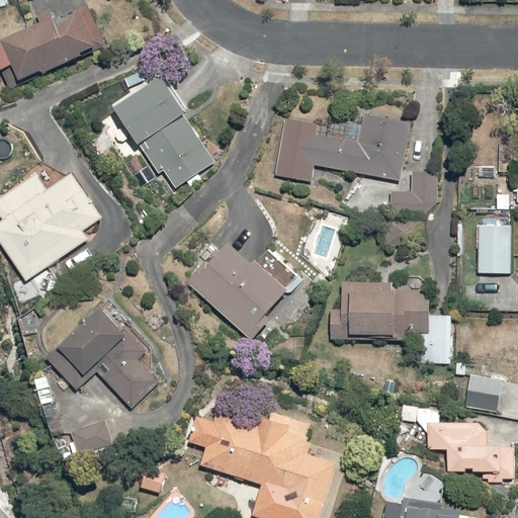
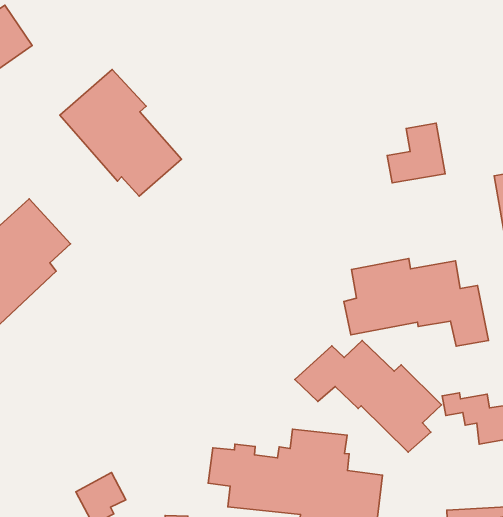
building: [275,115,408,179] -> none
building: [184,238,298,341] -> none
building: [47,309,161,410] -> none
building: none -> [295,340,441,452]

